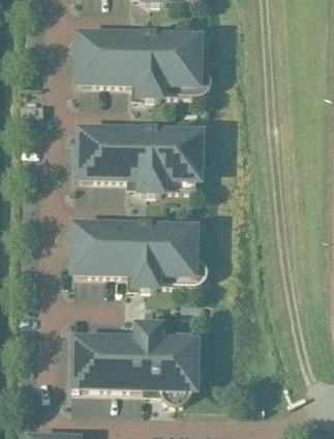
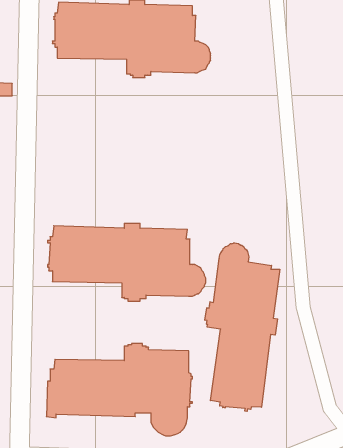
building: [77,124,201,191] -> none
building: none -> [205,243,280,411]

